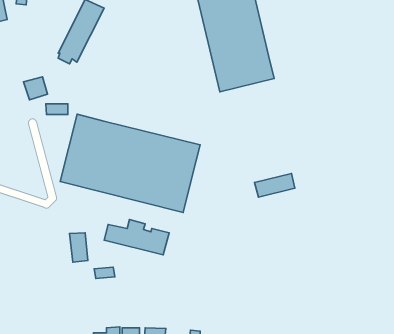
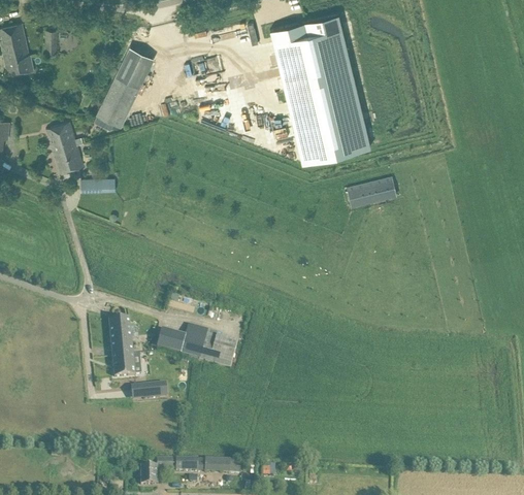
building: none -> [46,121,77,151]
building: [60,114,200,212] -> none
building: [254,173,295,197] -> [346,175,396,205]
building: none -> [109,319,131,341]

